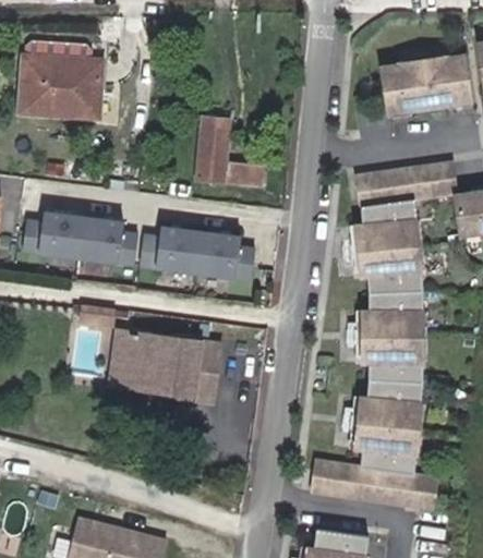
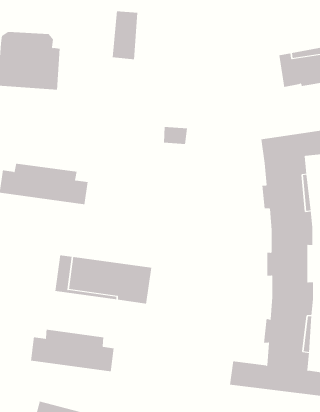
building: [194,119,228,182] -> [112,11,138,60]
building: [137,227,253,280] -> none
building: none -> [30,329,114,372]

